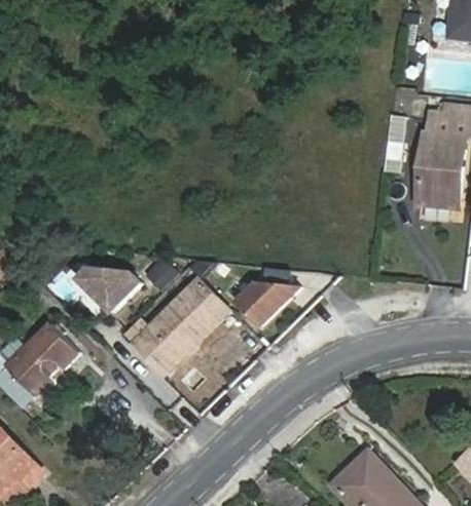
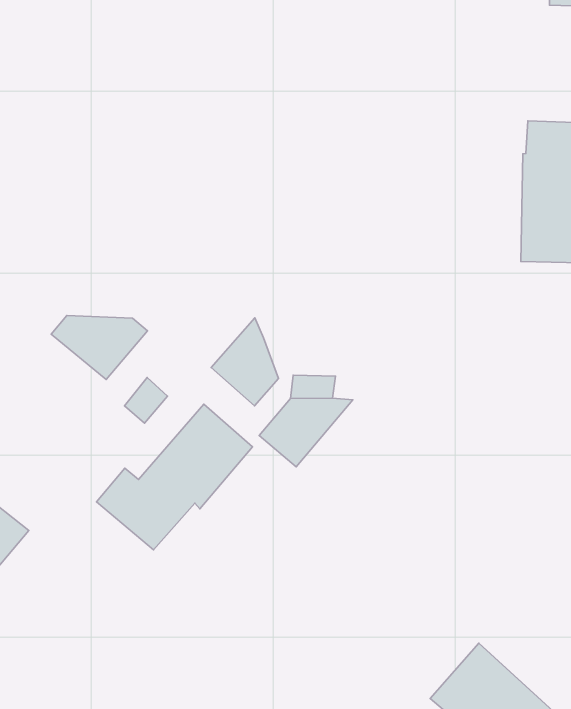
building: none -> [211,318,279,406]
building: [79,271,143,315] -> [51,316,147,379]

